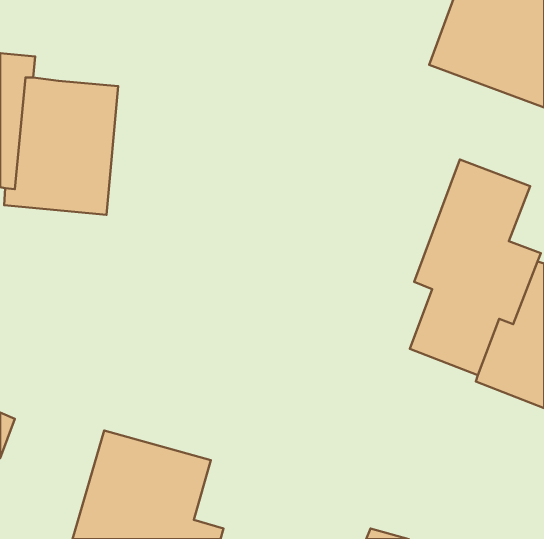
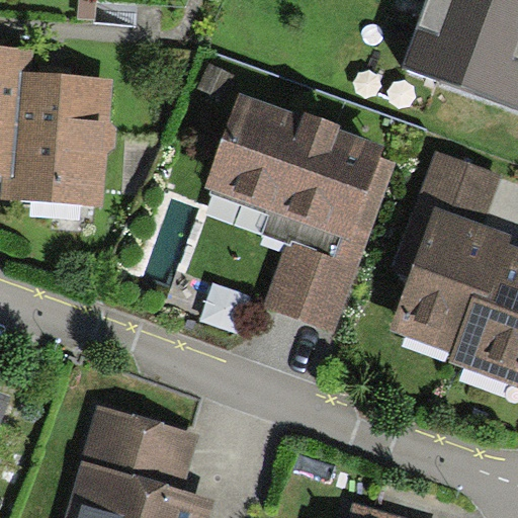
building: none -> [208,109,393,328]

